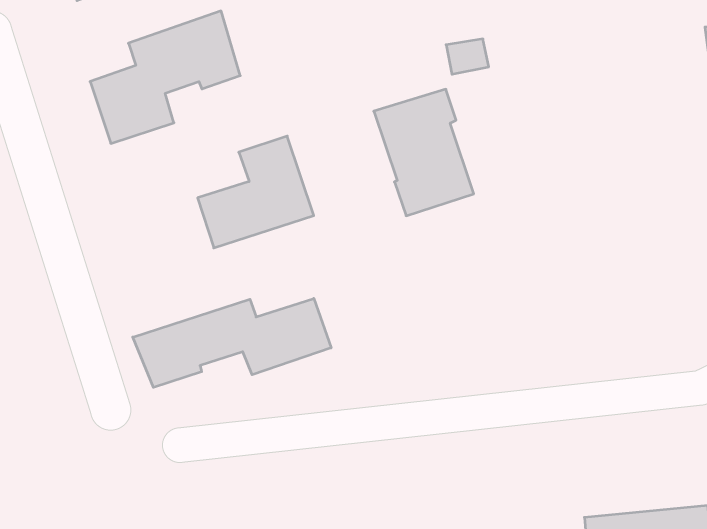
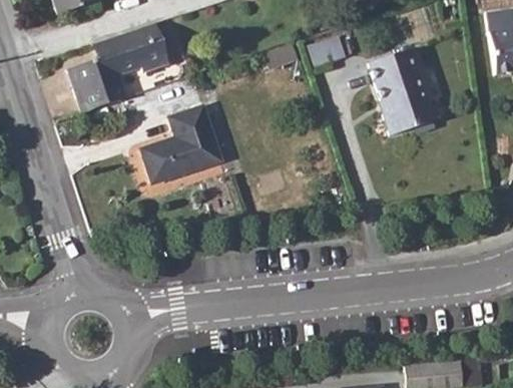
building: [374,89,474,216] -> [368,49,436,135]
building: [133,298,331,387] -> none

